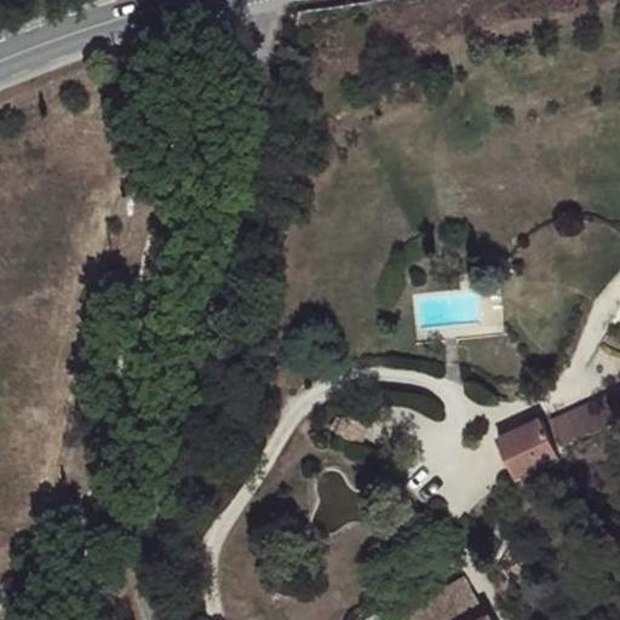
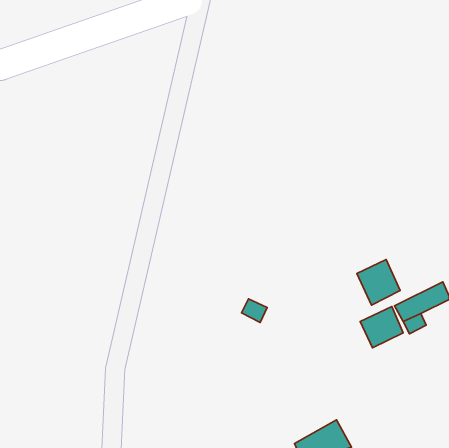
building: none -> [357,260,400,305]

